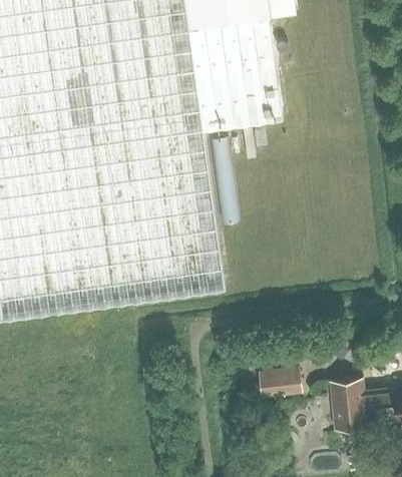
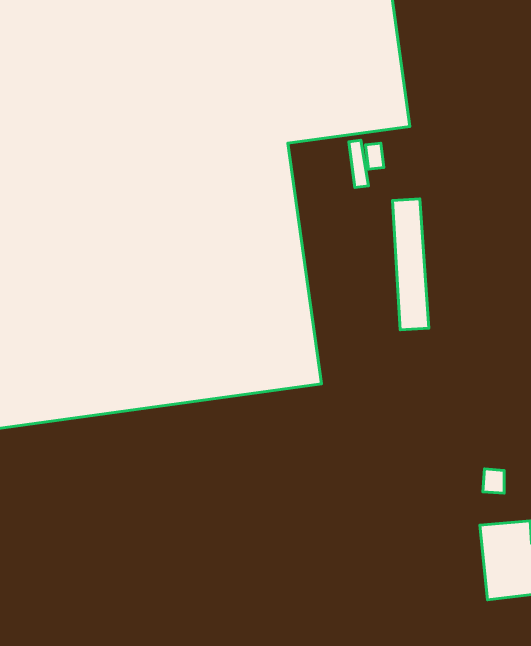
building: [213,131,237,217] -> [392,199,429,330]
building: [258,366,301,395] -> none

